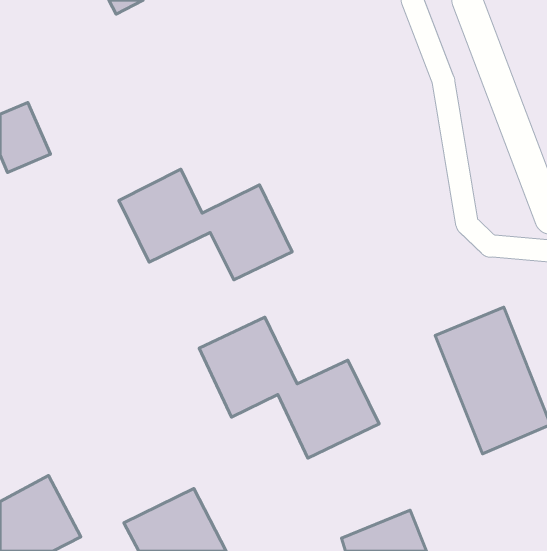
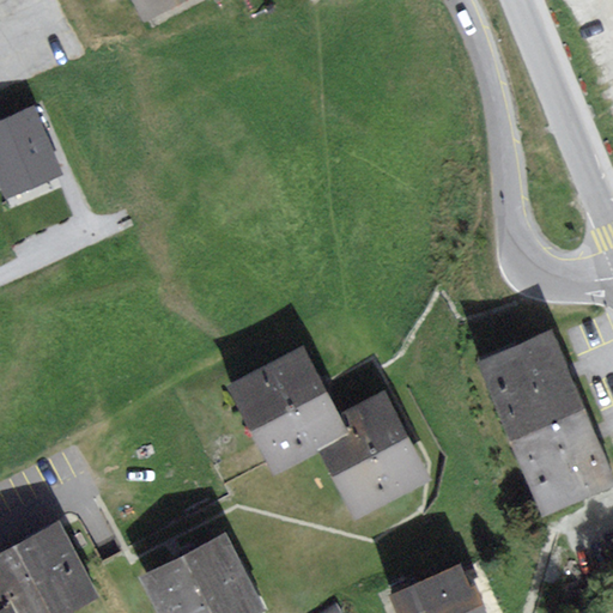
building: [119,169,292,280] -> none

